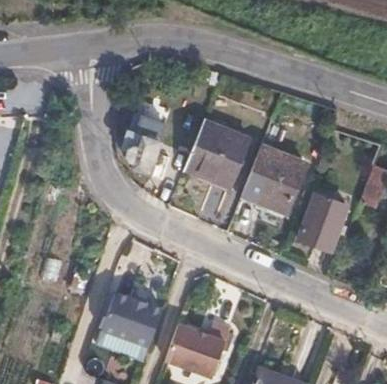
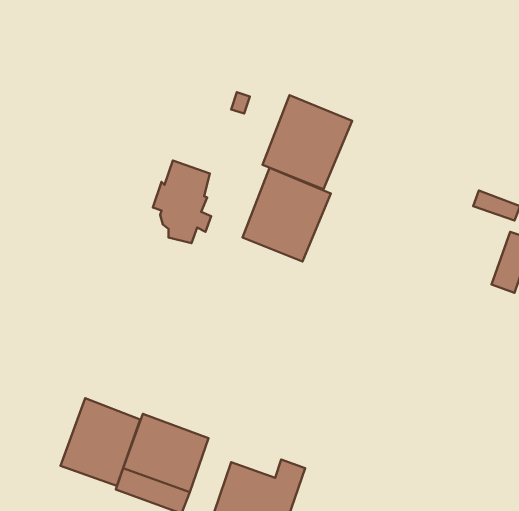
building: [243,145,306,211] -> [262,95,352,189]
building: [300,192,347,249] -> none
building: none -> [61,398,140,486]

